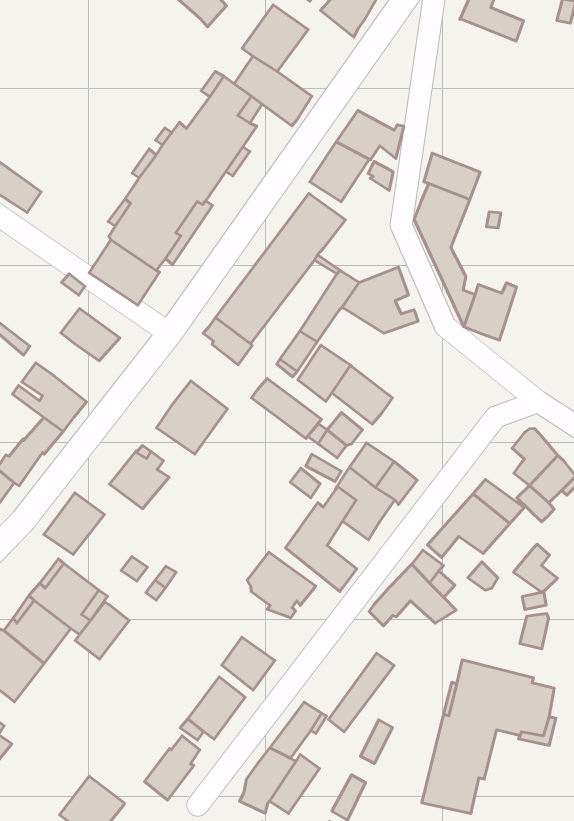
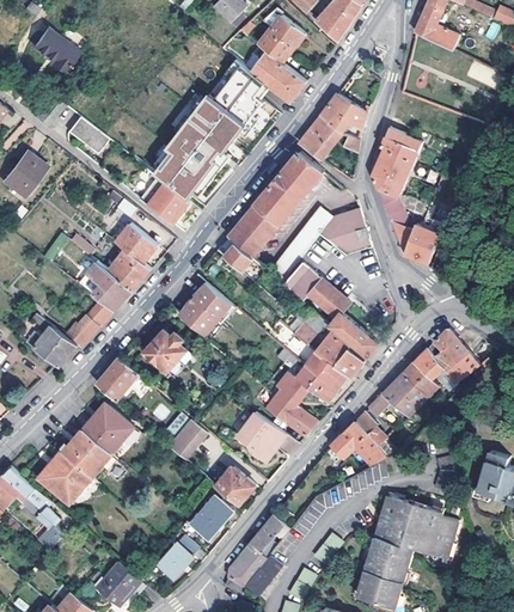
building: none -> [109,250,151,292]
building: [252,379,321,438] -> [330,312,379,356]
building: [514,544,557,592] -> [414,344,445,379]
building: [75,602,129,659] -> [169,418,208,459]

